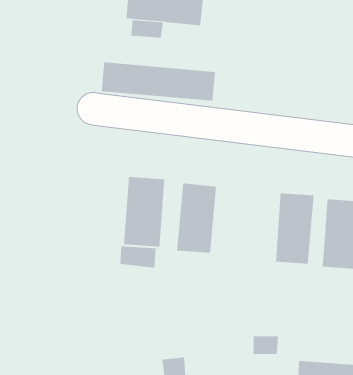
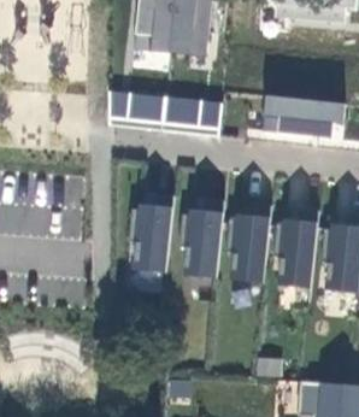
building: none -> [260,94,345,139]
building: none -> [229,211,269,283]

